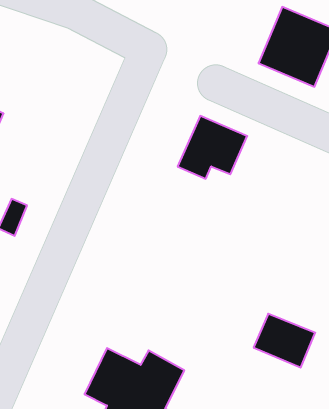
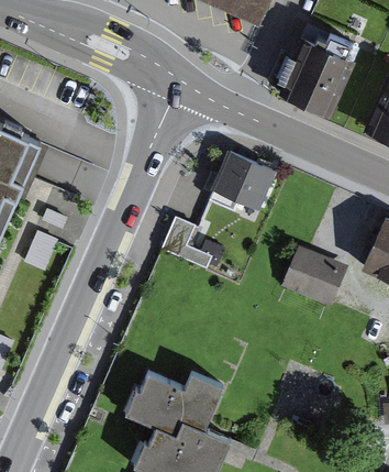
building: none -> [167,219,214,268]
building: [254,314,315,368] -> [286,245,346,298]

